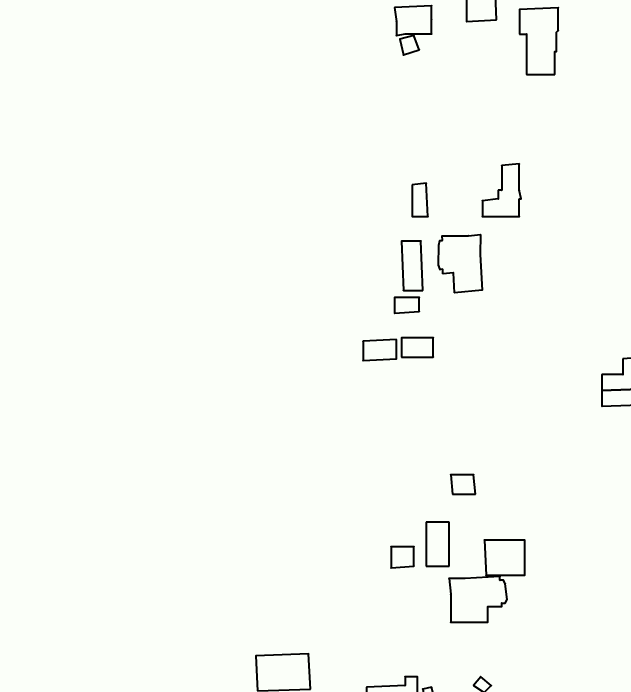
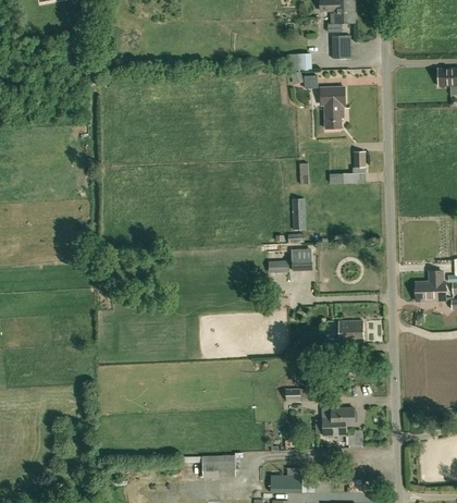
building: [520,8,558,74] -> [320,86,344,127]
building: [439,235,482,293] -> none
building: [484,540,525,575] -> [337,320,362,342]

